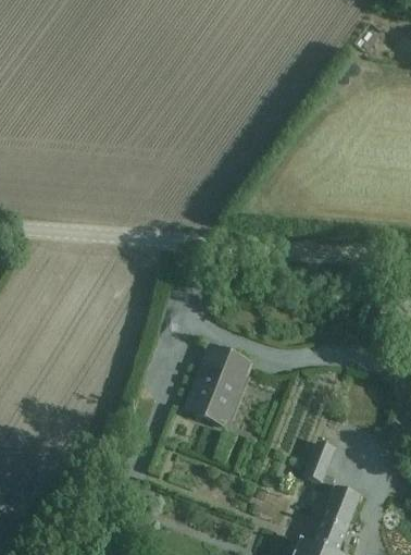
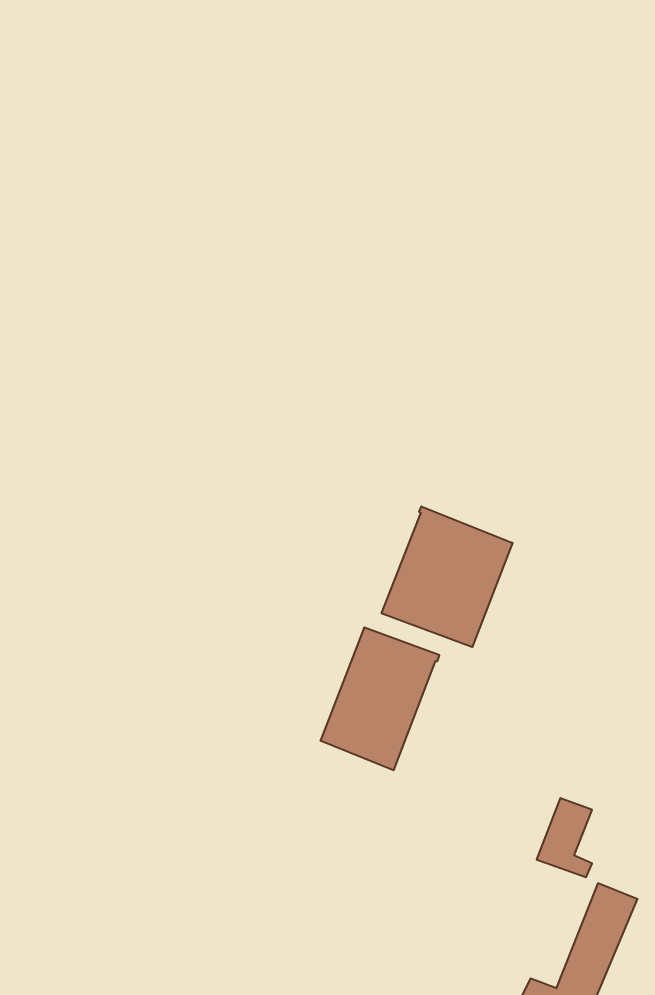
building: none -> [382,506,513,647]

